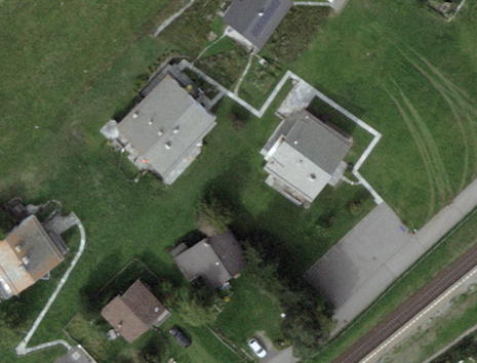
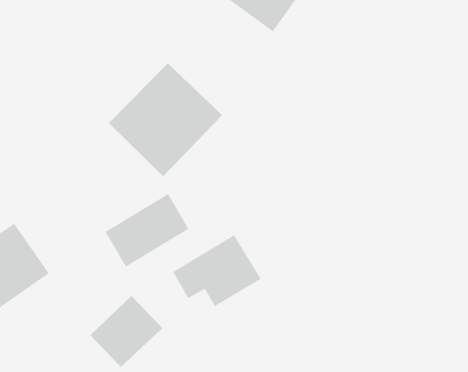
building: [264,110,352,201] -> none
building: none -> [105,193,189,267]

